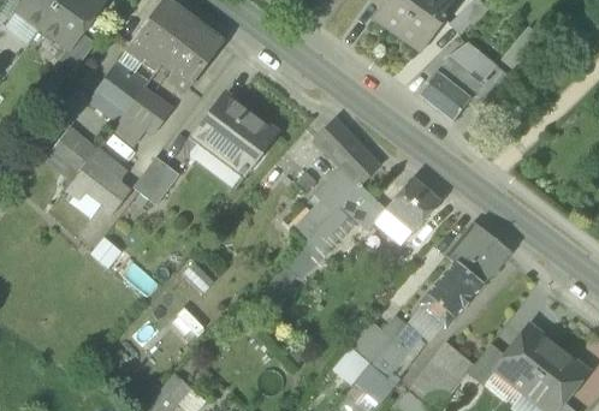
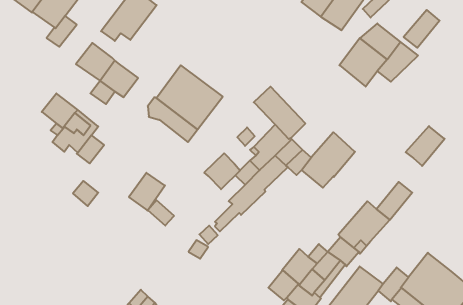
building: [162,18,224,90] -> none
building: [135,157,179,204] -> [129,173,165,211]
building: none -> [204,153,240,189]
building: [446,221,494,270] -> [406,126,445,166]

